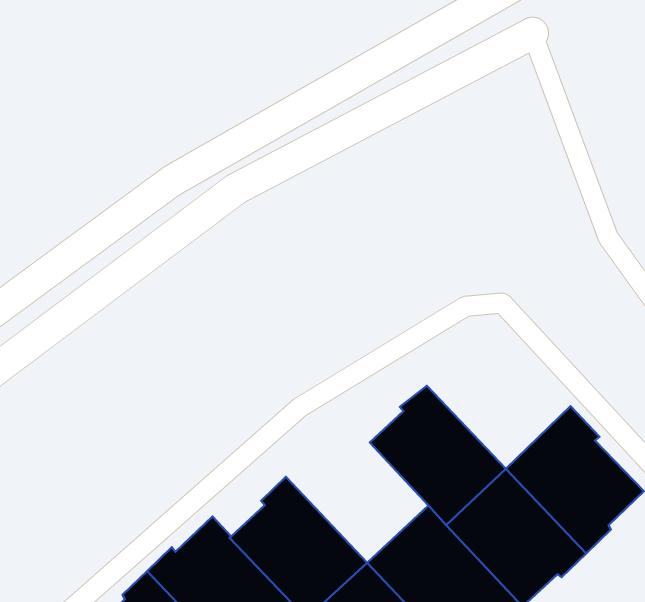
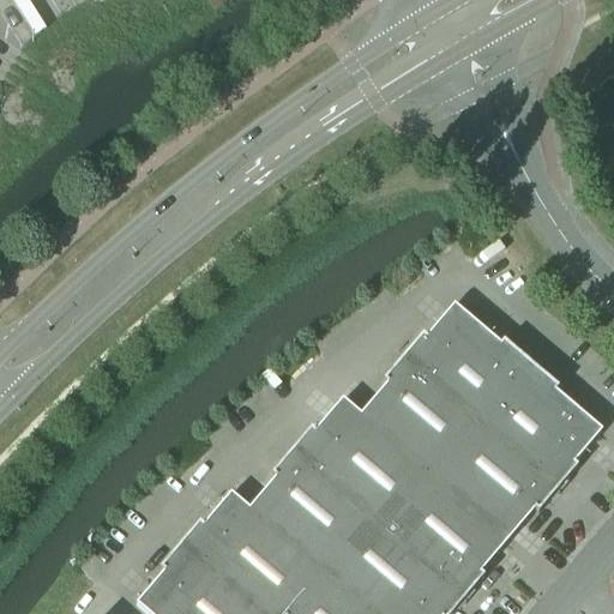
building: none -> [405,303,531,423]
building: none -> [291,397,417,517]

